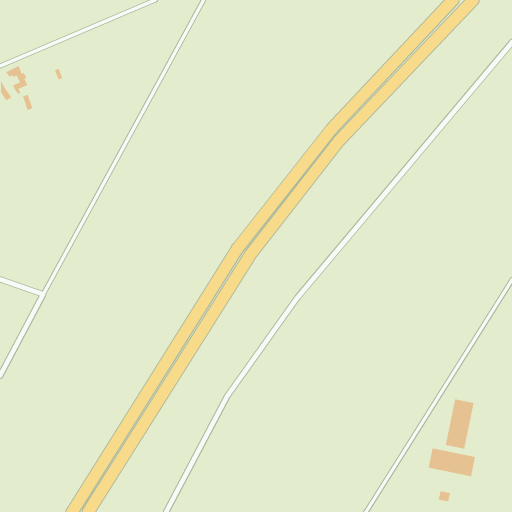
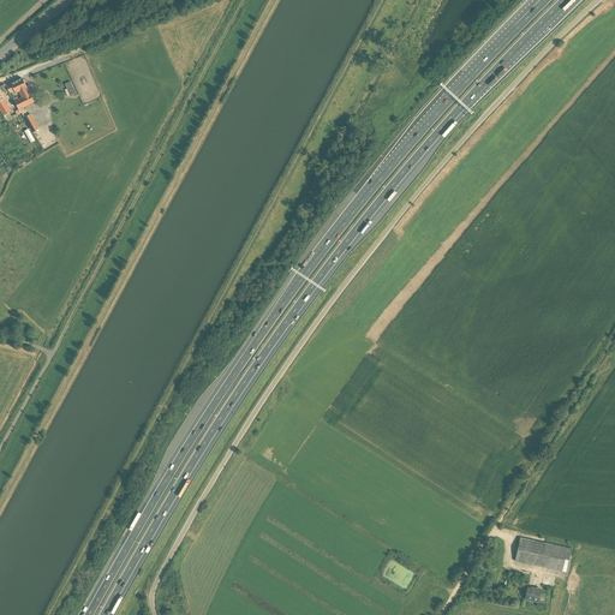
building: [445,398,474,450] -> none

